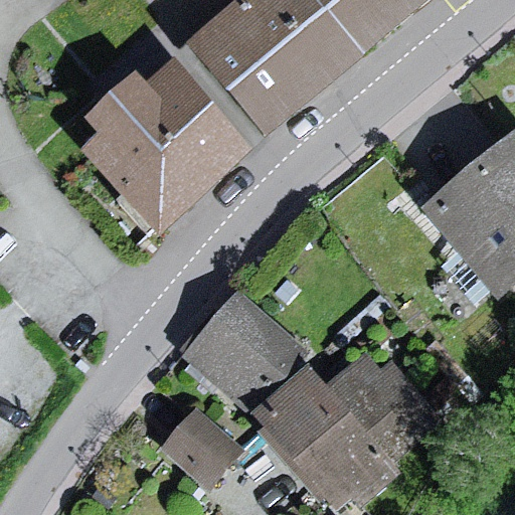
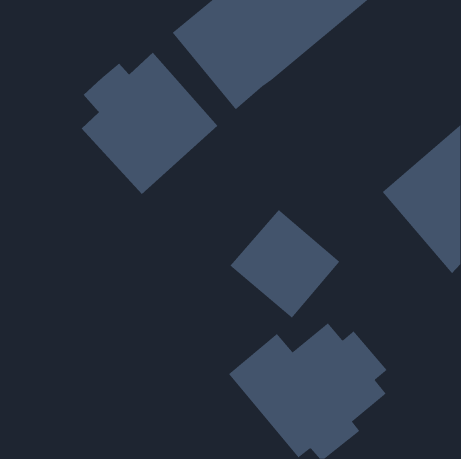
building: [183,293,306,413] -> [229,209,340,318]
building: [158,408,242,492] -> none

